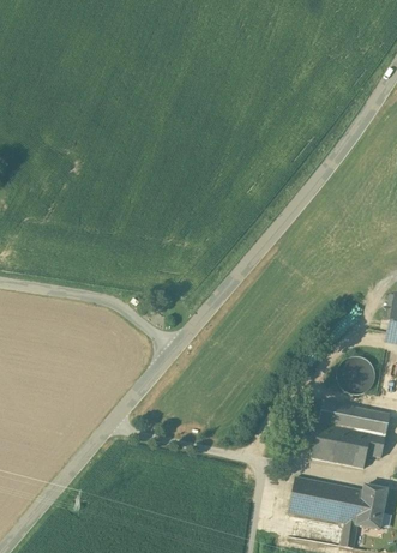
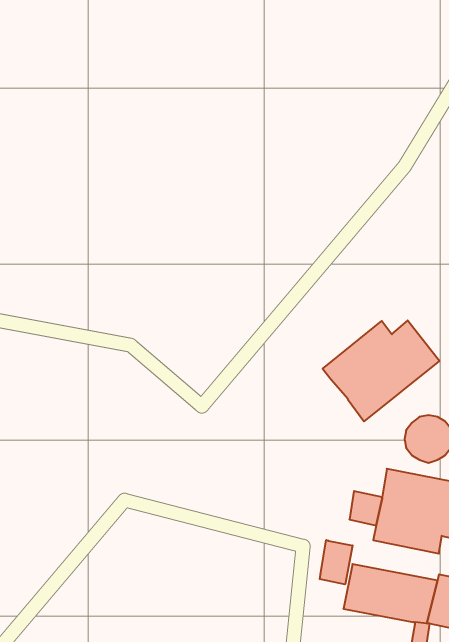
building: none -> [323,320,439,421]
building: none -> [320,540,353,584]

